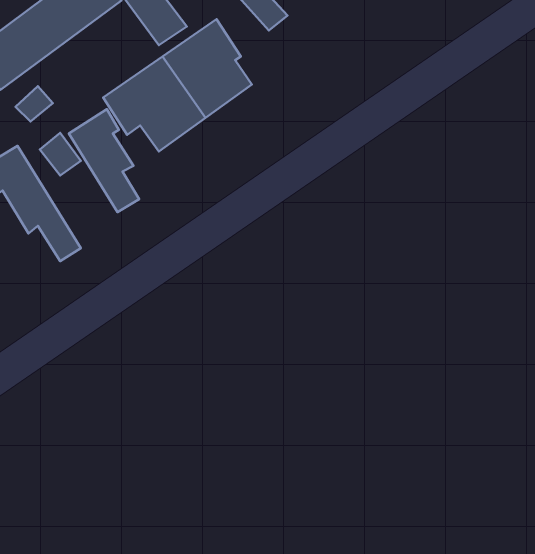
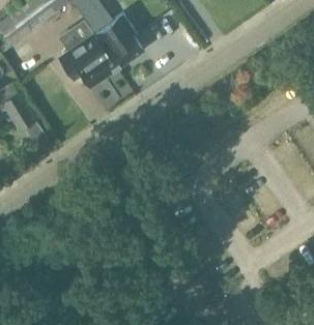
building: [69,109,139,212] -> none

